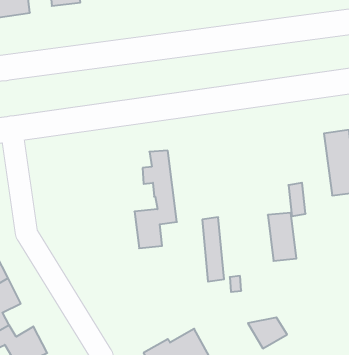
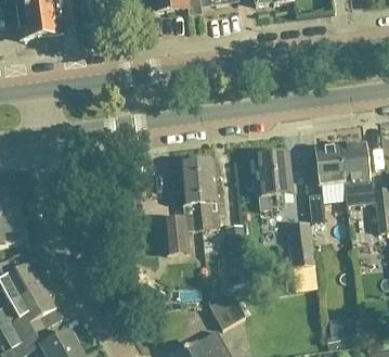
building: none -> [314,146,350,217]
building: none -> [254,151,293,206]
building: none -> [194,161,225,230]
building: [248,317,287,348] -> [209,298,246,328]

